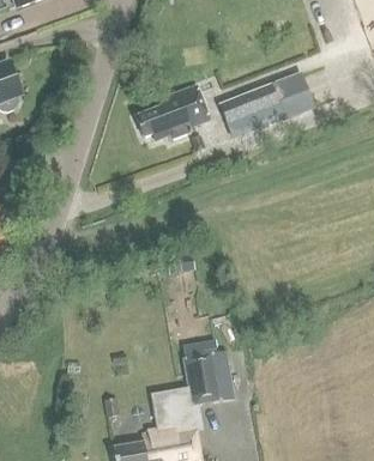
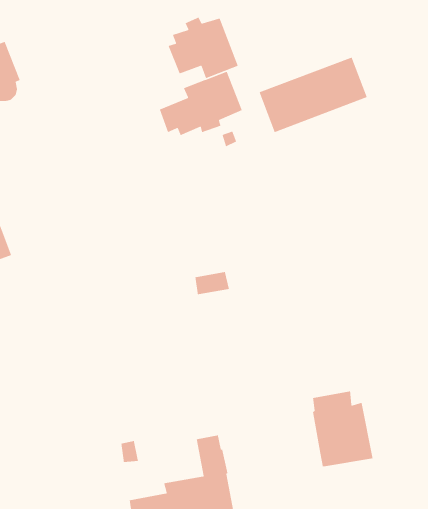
building: none -> [167,17,239,79]
building: [180,339,231,404] -> [312,391,373,467]

